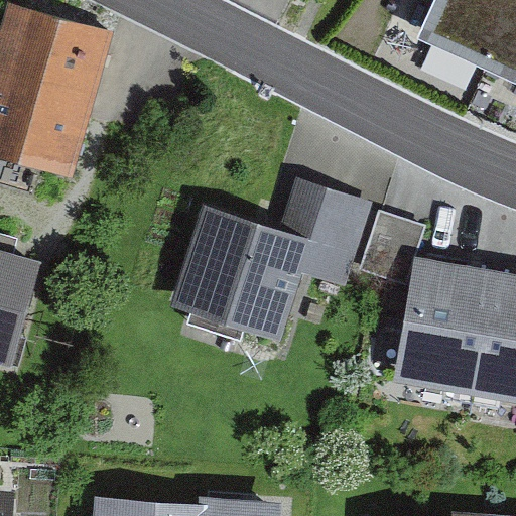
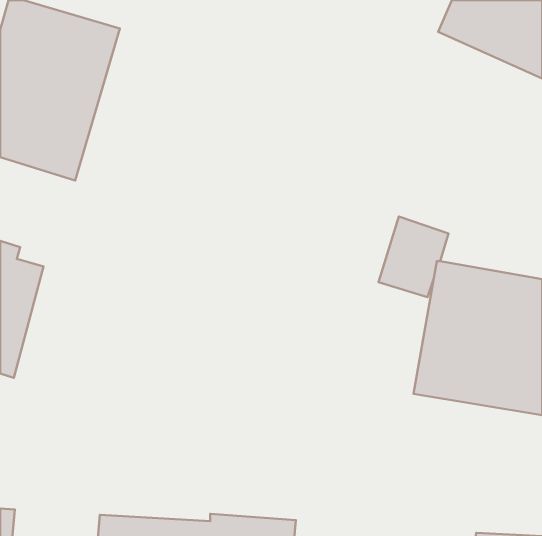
building: [168,181,373,346] -> none

